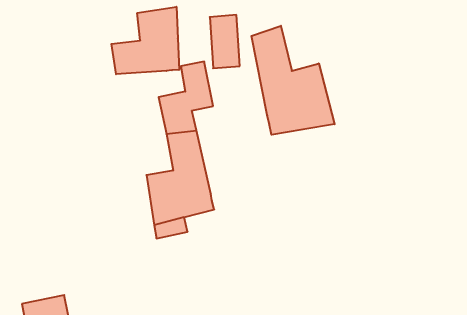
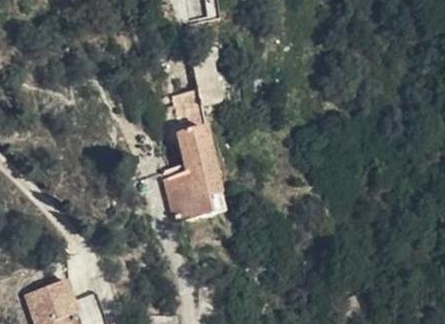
building: [111,7,179,74] -> none
building: [251,26,335,135] -> none

